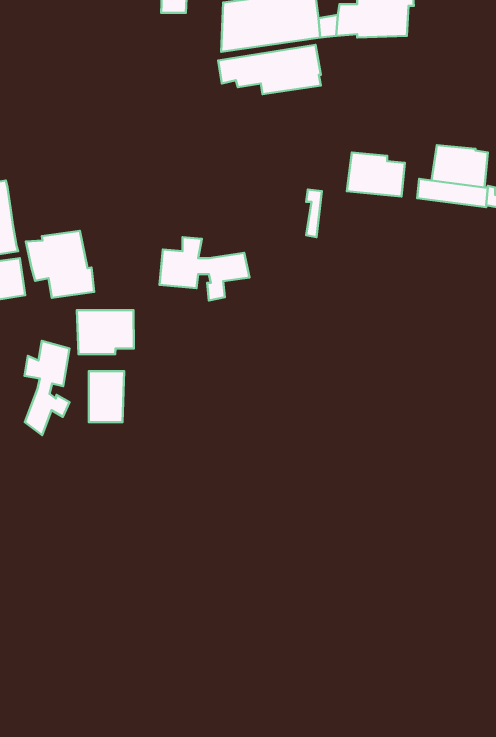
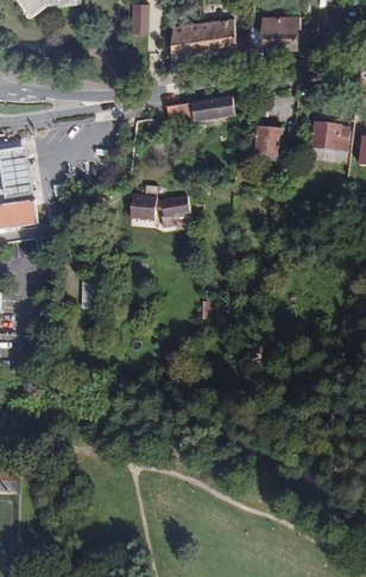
building: [218,45,321,94] -> [166,96,235,129]
building: [26,231,94,298] -> none
building: [77,310,134,354] -> none
building: [24,341,70,435] -> none

